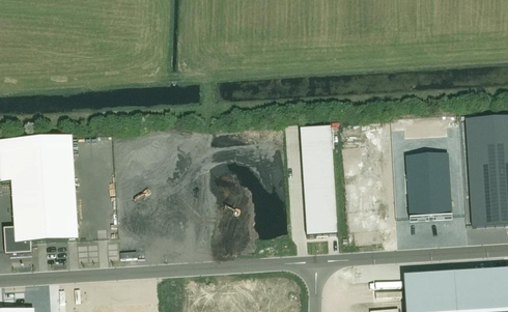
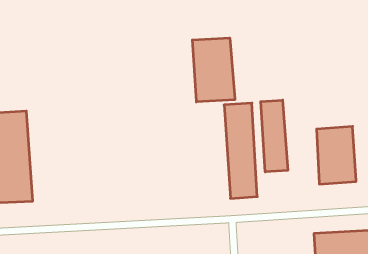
building: none -> [192,38,235,102]
building: none -> [261,100,288,172]

